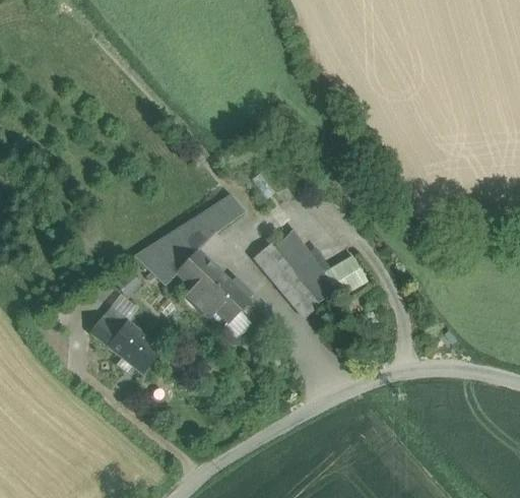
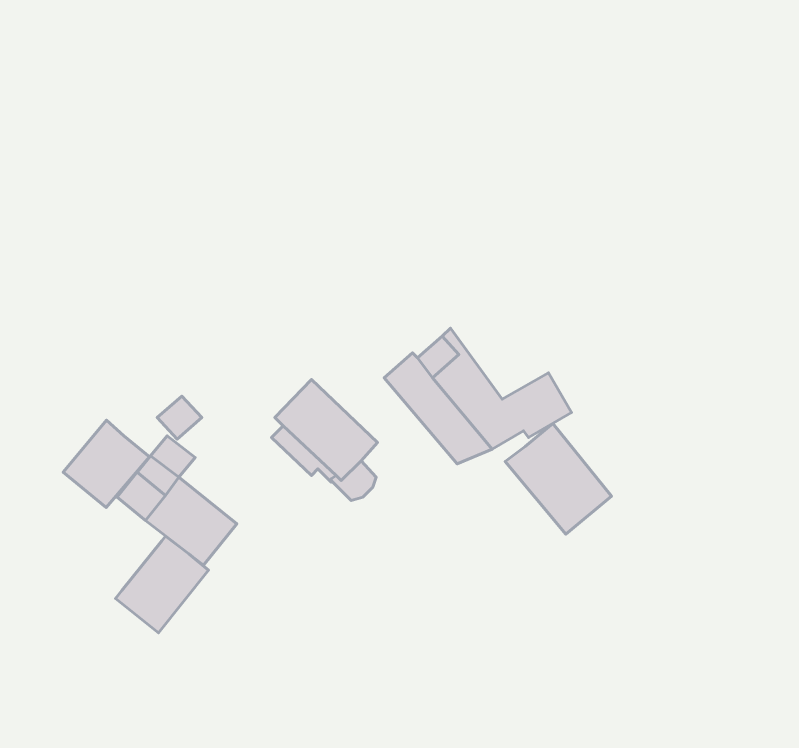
building: [134,194,243,285] -> none
building: none -> [63,420,150,508]
building: none -> [505,424,612,534]
building: none -> [116,536,208,633]

